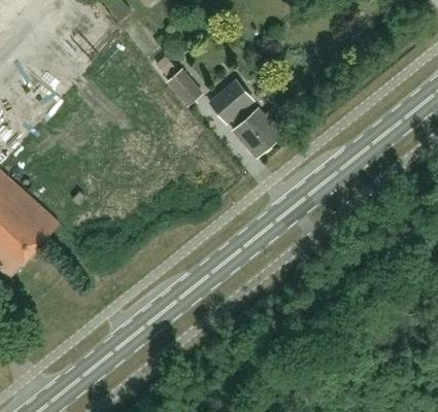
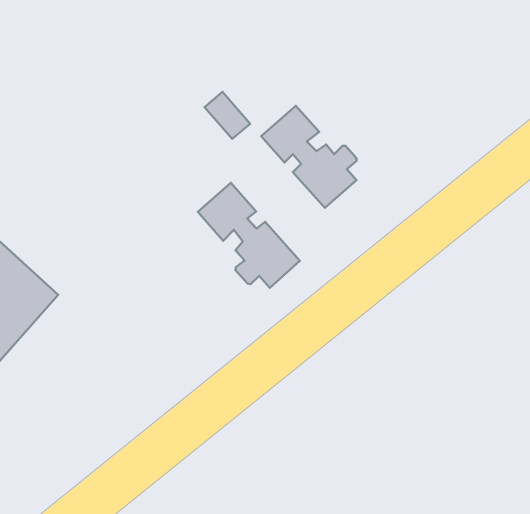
building: none -> [198,183,300,288]

